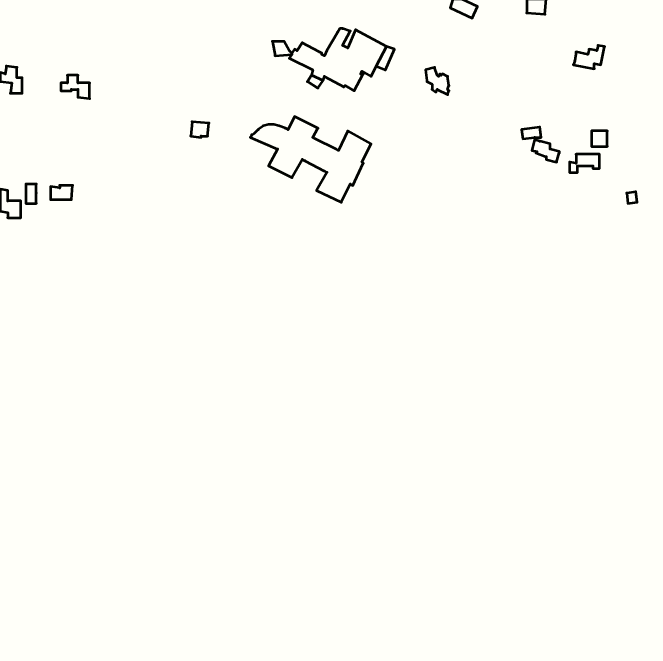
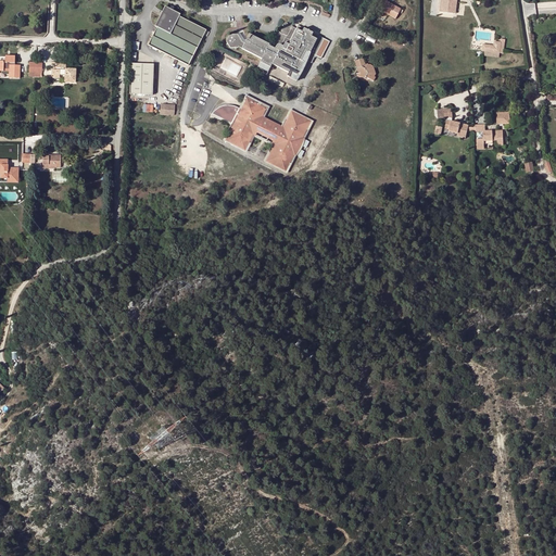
building: none -> [148,7,206,65]
building: none -> [130,64,154,94]

